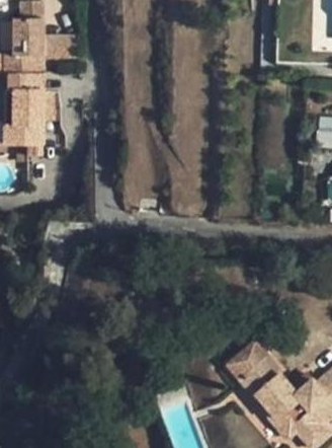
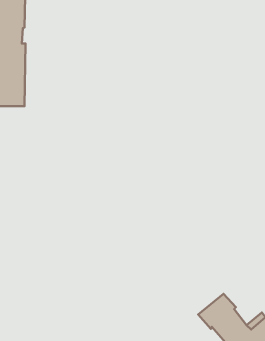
building: [226,340,268,380] -> none

